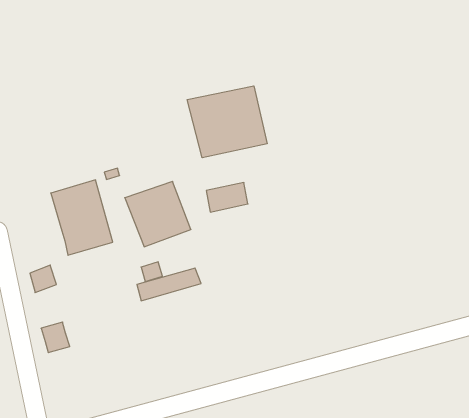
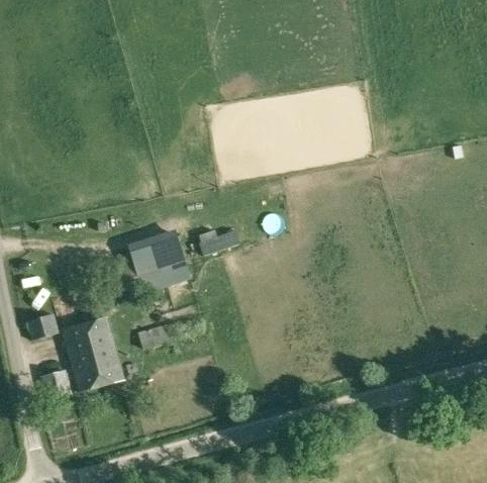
building: [187,86,267,158] -> none
building: [51,180,113,255] -> [61,316,122,391]

